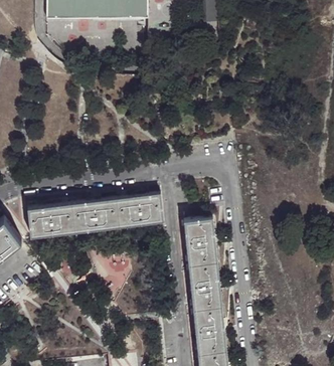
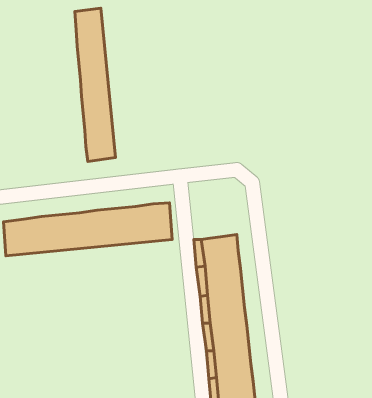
building: none -> [75,8,116,161]

